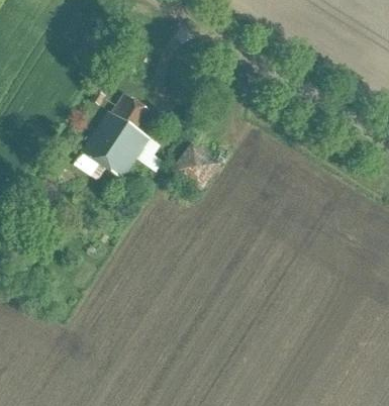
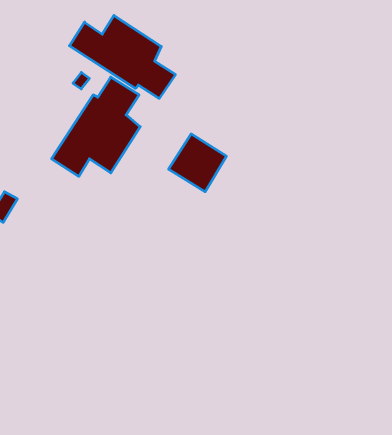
building: none -> [69,15,175,98]

